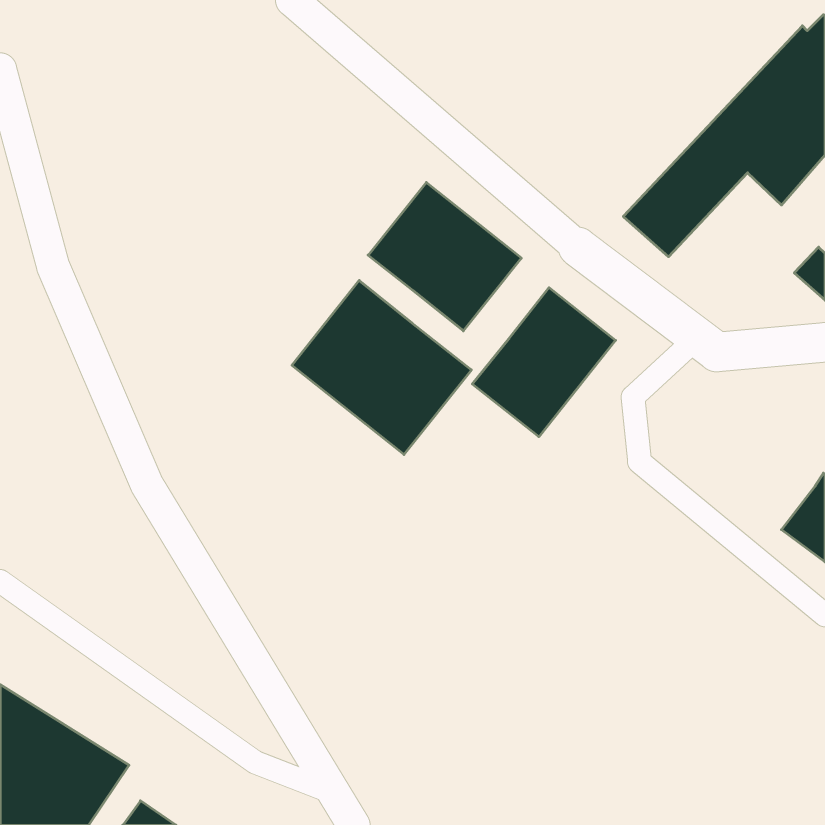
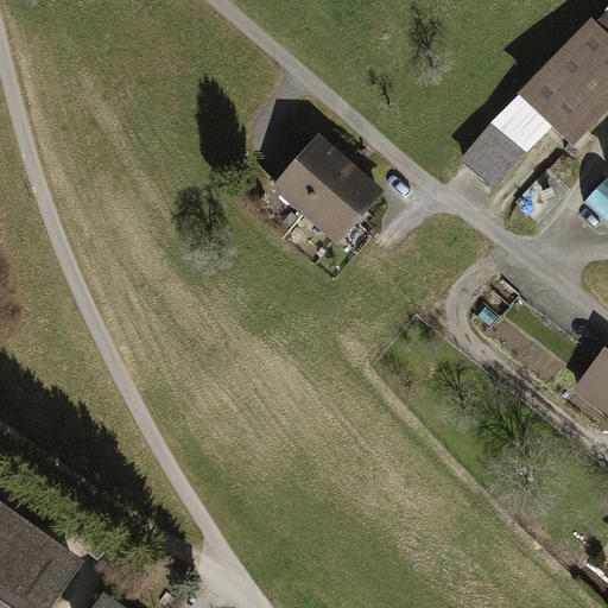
building: [292,280,471,455] -> none
building: [472,288,616,437] -> none

